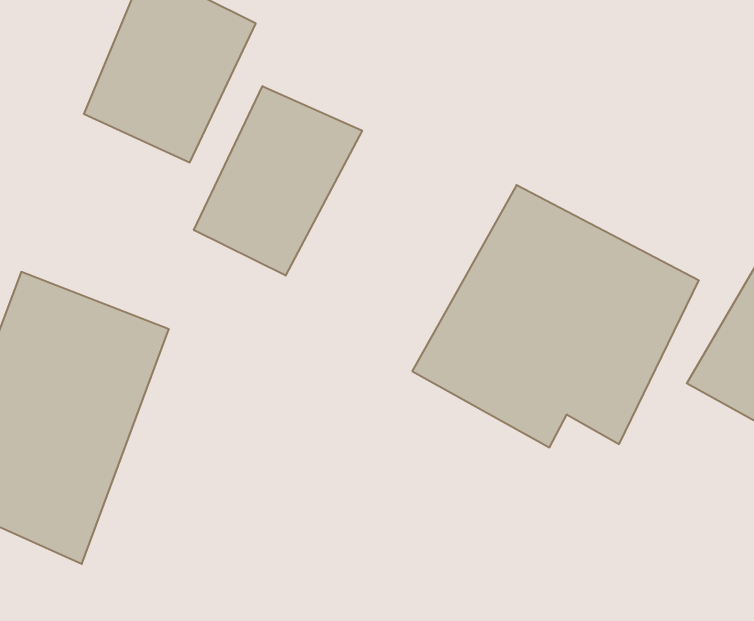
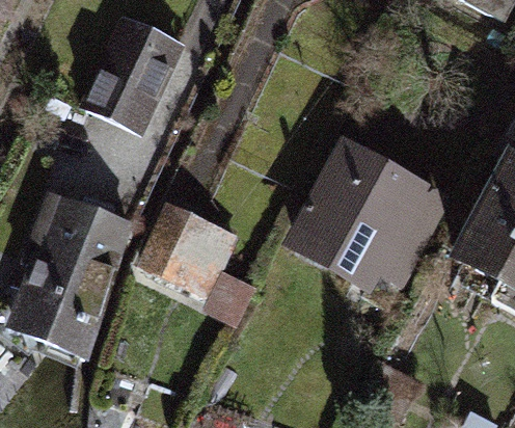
building: [194,86,362,276] -> none
building: none -> [138,200,261,327]

